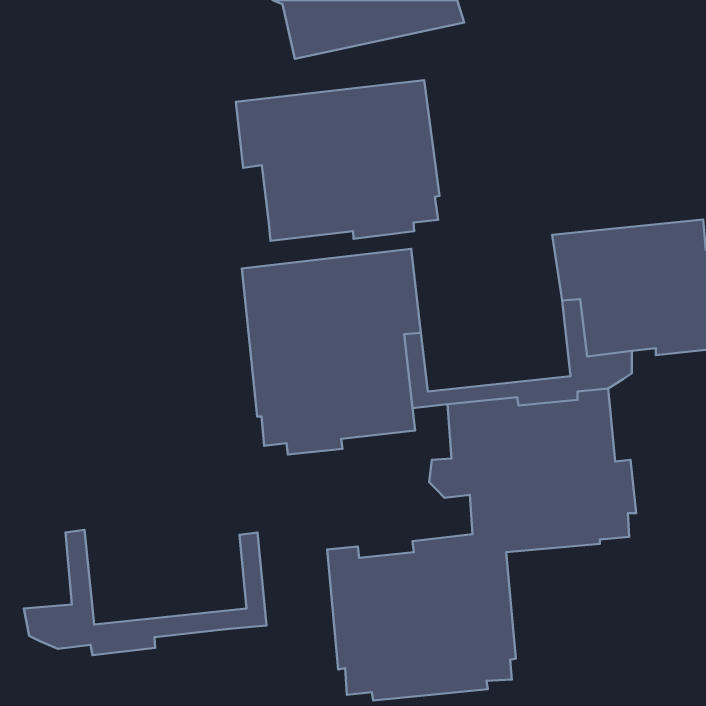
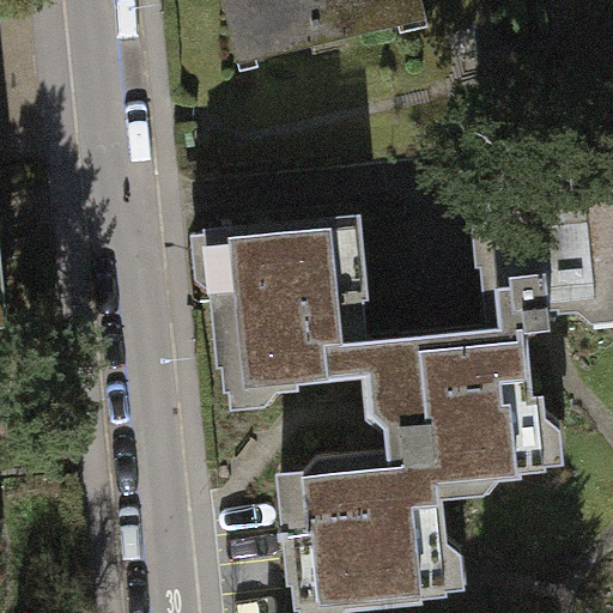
building: [236,80,440,241] -> none
building: [24,530,266,655] -> none

